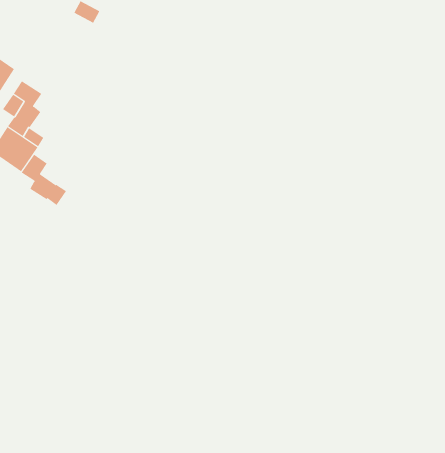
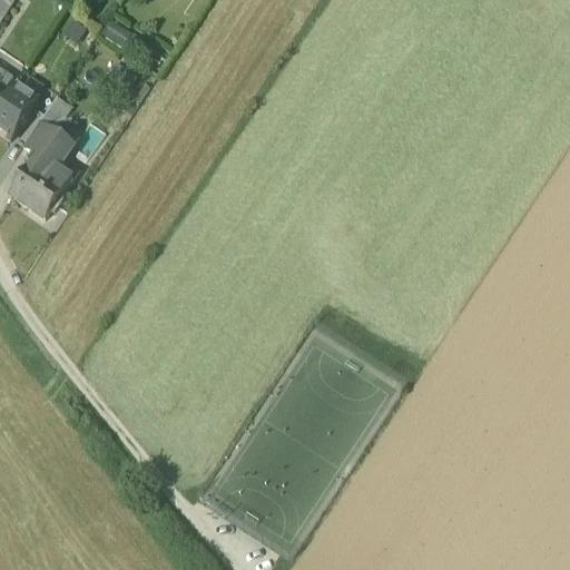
building: [21,154,67,206] -> none

